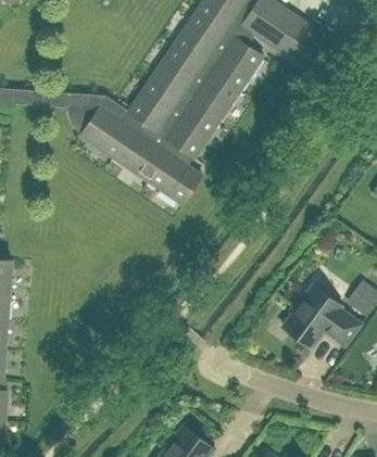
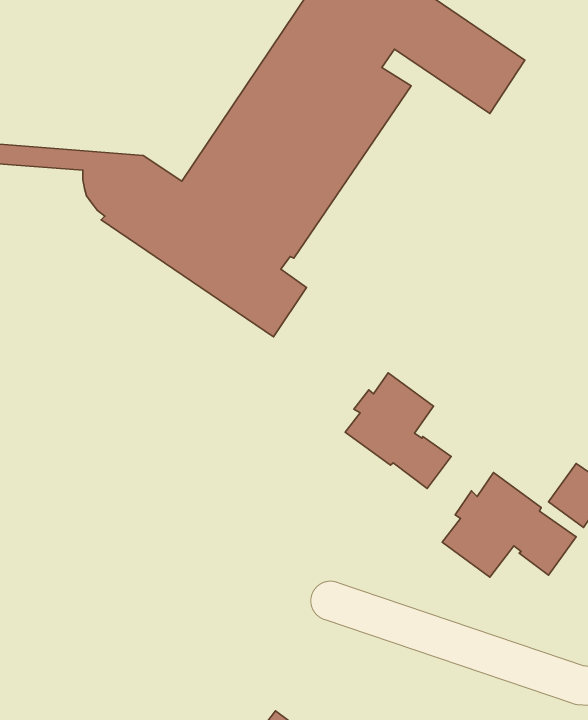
building: none -> [345,373,451,489]

